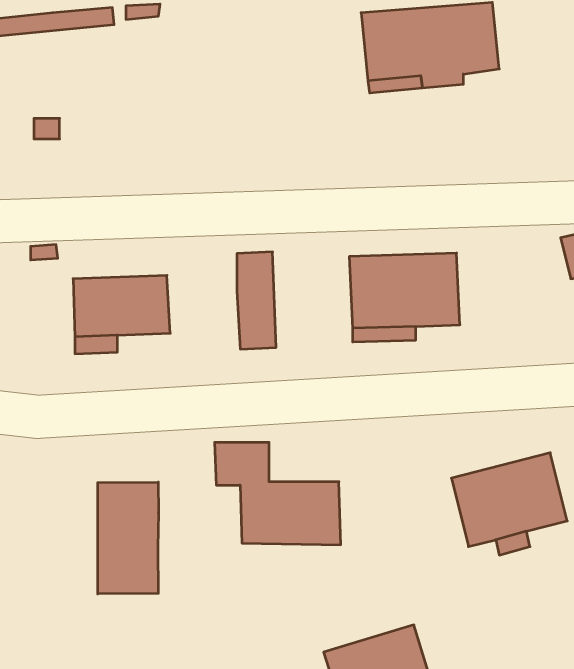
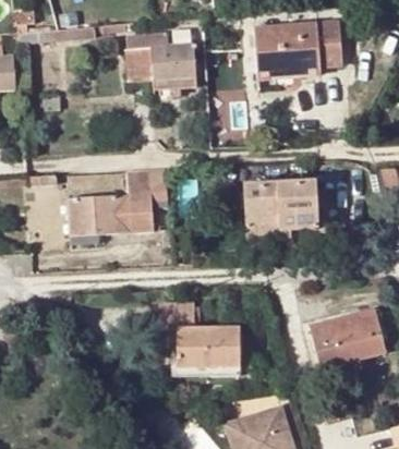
building: none -> [126,33,196,96]
building: [237,252,276,349] -> [129,170,154,232]
building: [98,482,158,594] -> none

